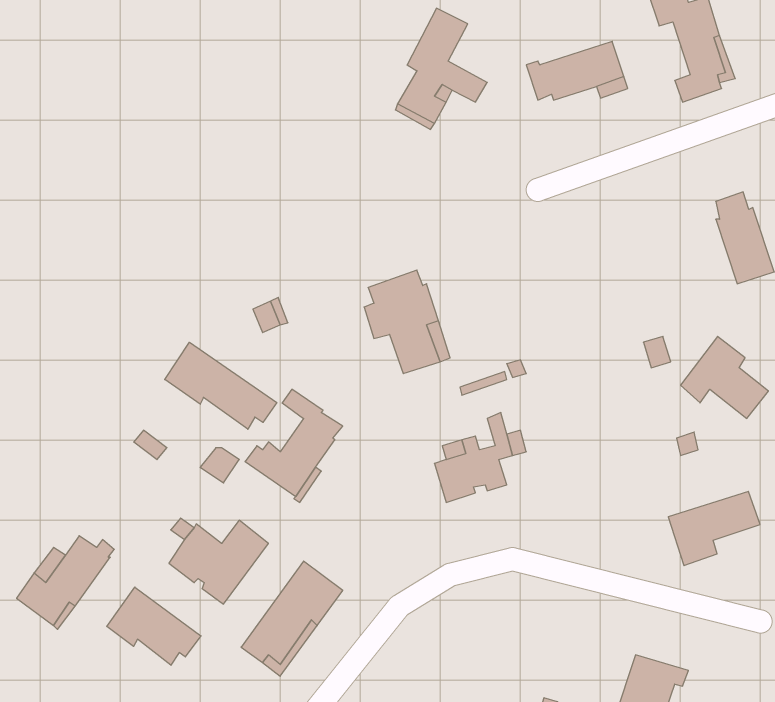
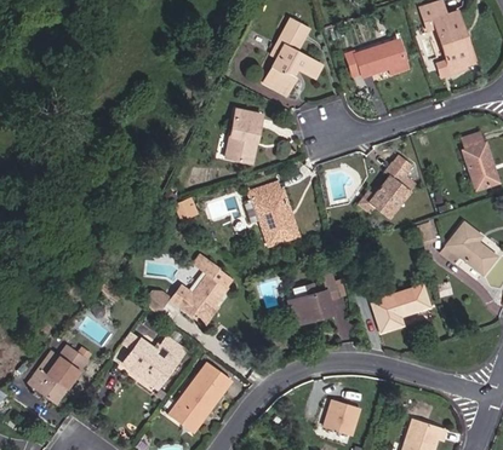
building: none -> [225,109,262,163]
building: none -> [358,155,416,219]
building: [165,342,277,429] -> none
building: [668,491,760,566] -> [372,285,429,331]
building: [107,587,201,665] -> none
building: none -> [324,399,359,435]

